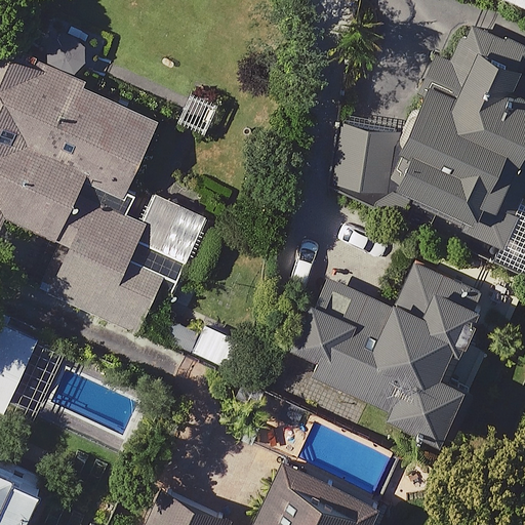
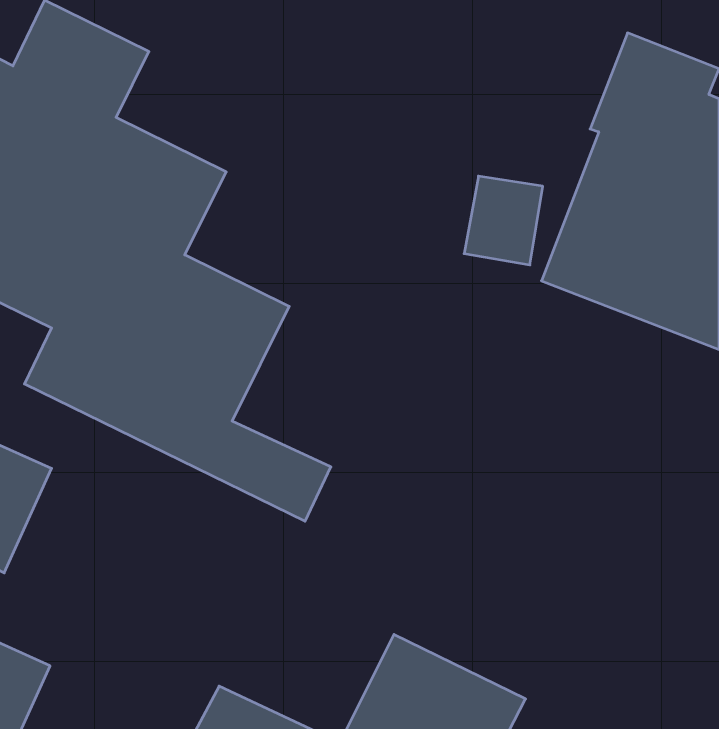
building: [294,266,485,443] -> none

